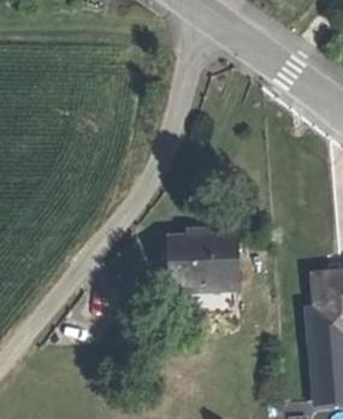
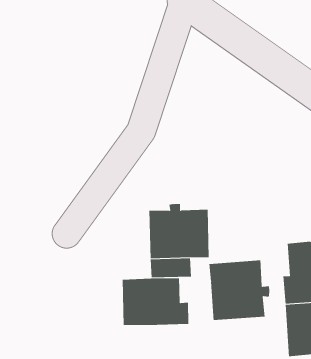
building: none -> [209,259,270,321]
building: none -> [122,278,189,326]

